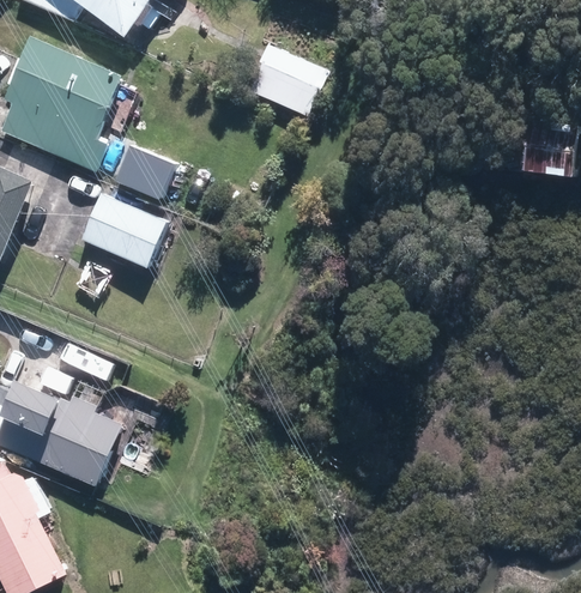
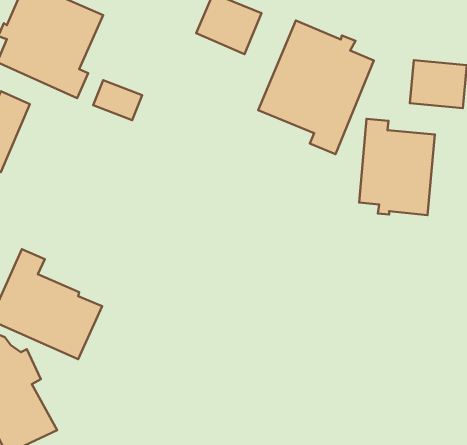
building: none -> [258,20,374,154]
building: [79,190,167,266] -> none
building: none -> [359,119,435,215]

